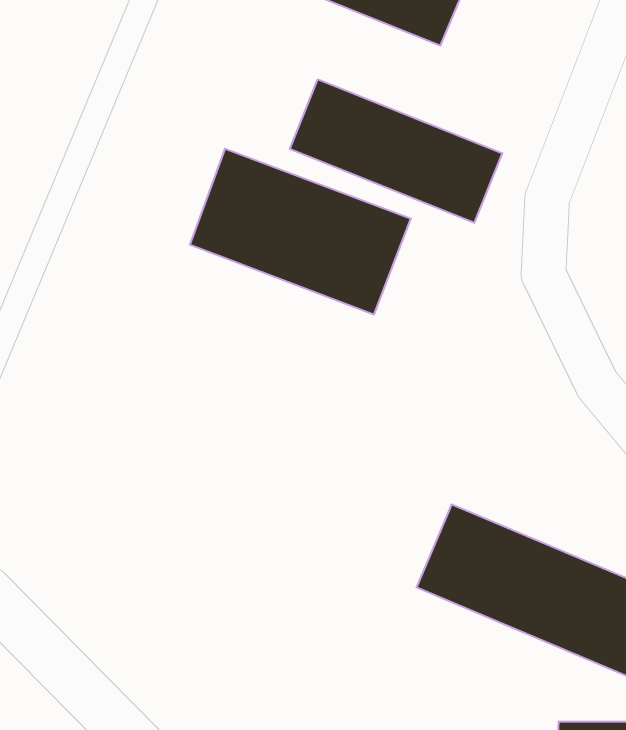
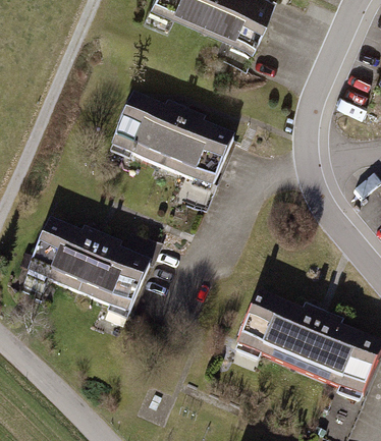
building: [290,79,502,223] -> none
building: none -> [30,221,152,314]

